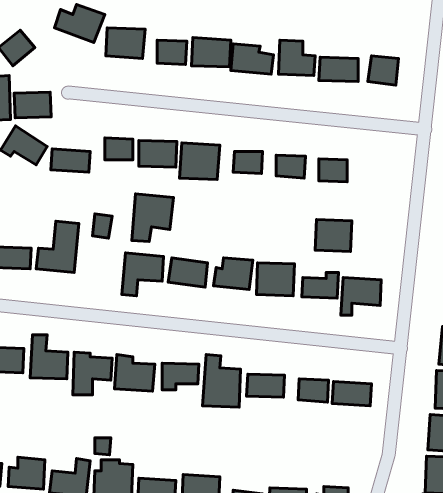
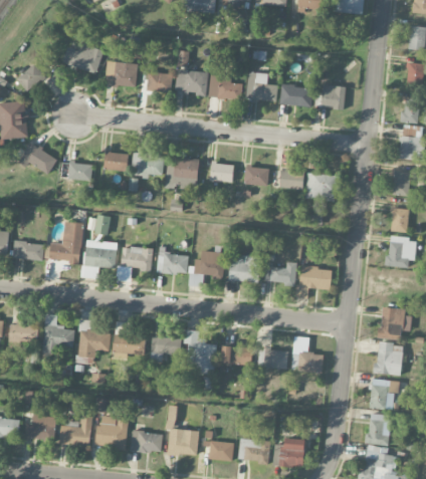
building: [14,92,51,118] -> none
building: [132,194,173,242] -> [83,239,118,278]
building: [315,220,352,251] -> [305,173,336,199]

